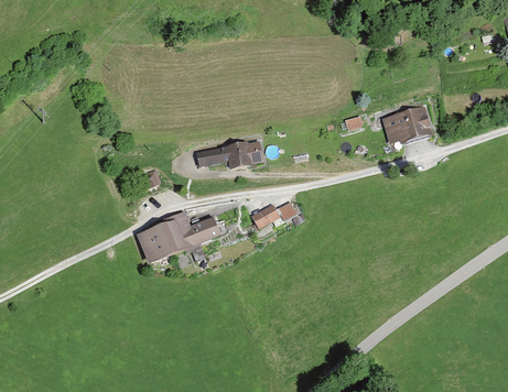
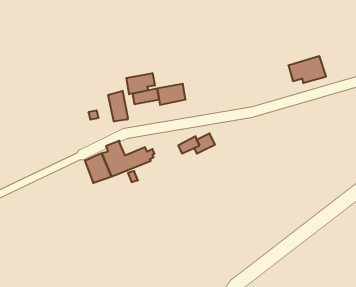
building: none -> [126,73,155,94]
building: none -> [108,91,128,122]

